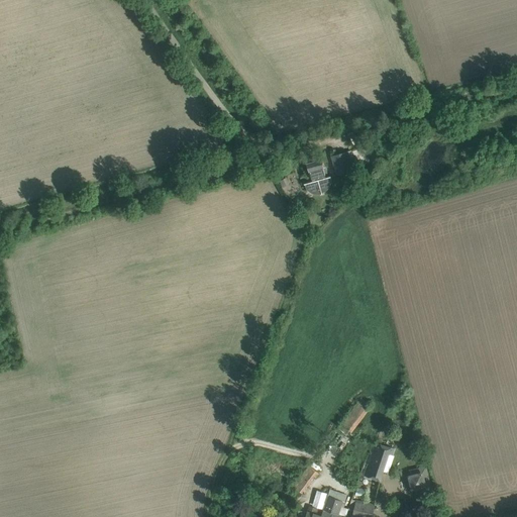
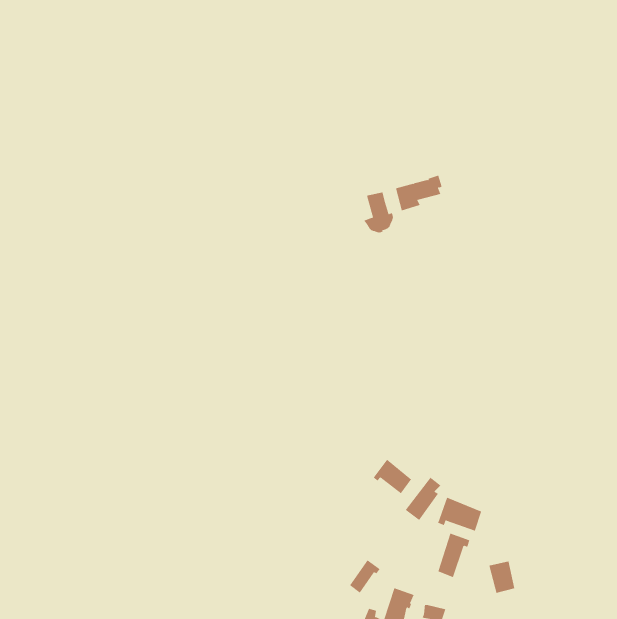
building: none -> [373,459,412,494]
building: none -> [438,497,482,532]

